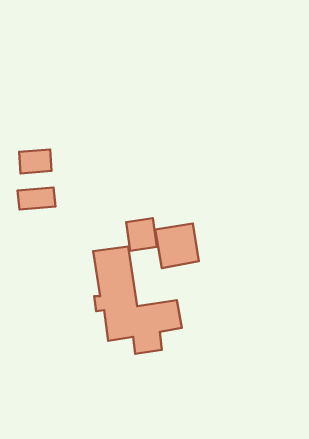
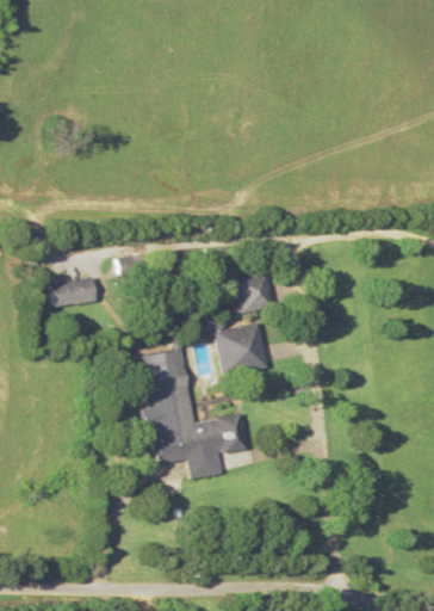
building: [19,149,51,173] -> none
building: [126,218,157,251] -> [235,272,272,311]

